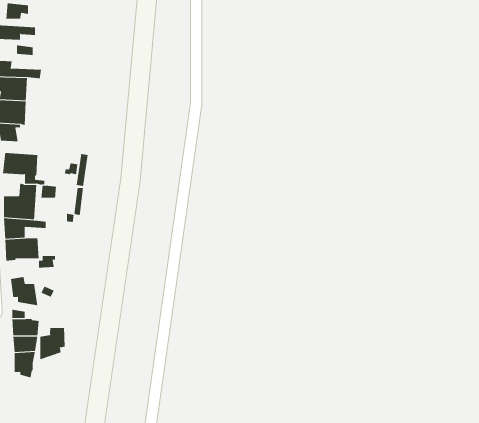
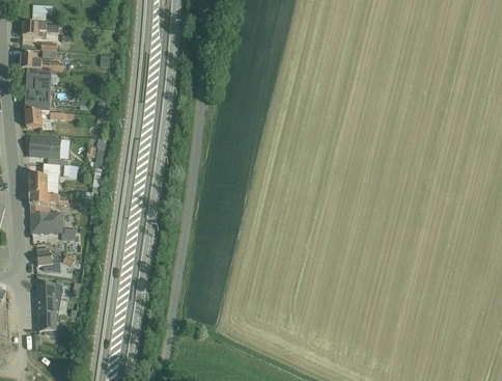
building: [40,327,65,360] -> none

